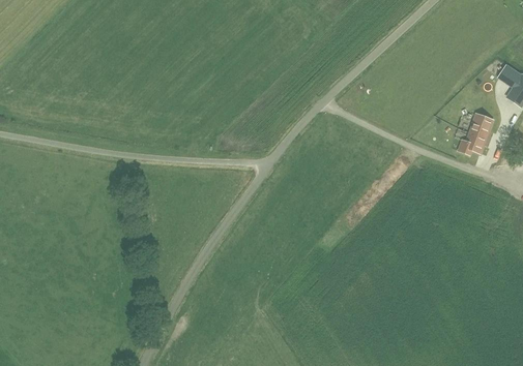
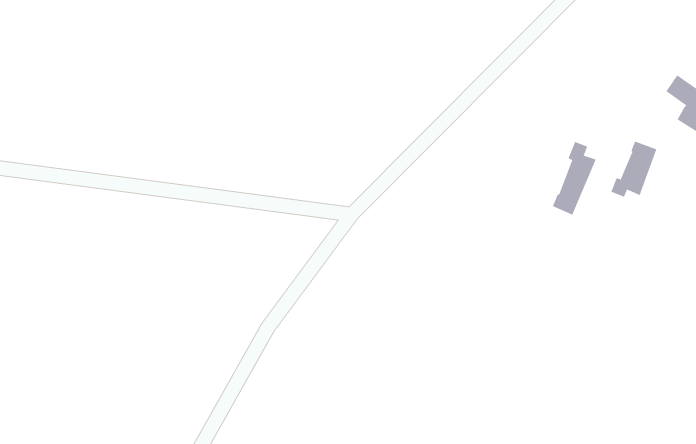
building: none -> [552,141,597,215]

